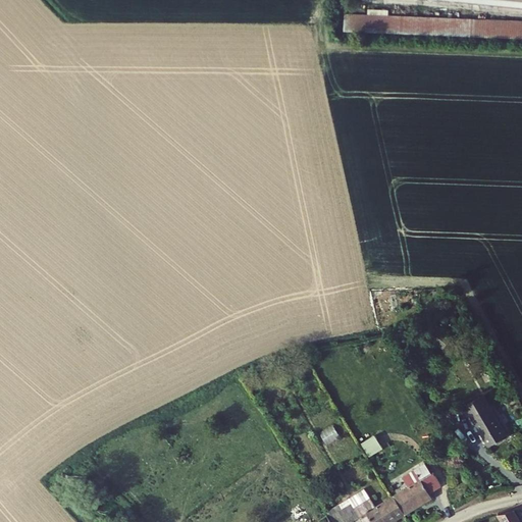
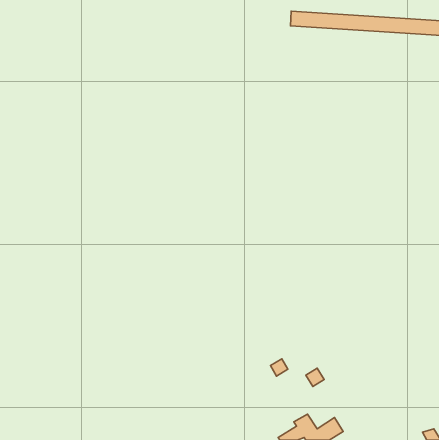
building: [459,389,501,440] -> none
building: [398,461,441,509] -> none

